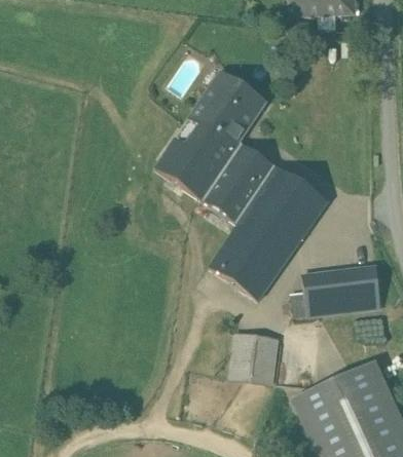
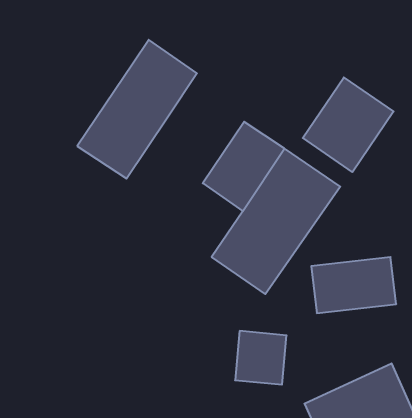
building: [156,70,266,197] -> [77,40,197,179]
building: none -> [303,77,394,172]

